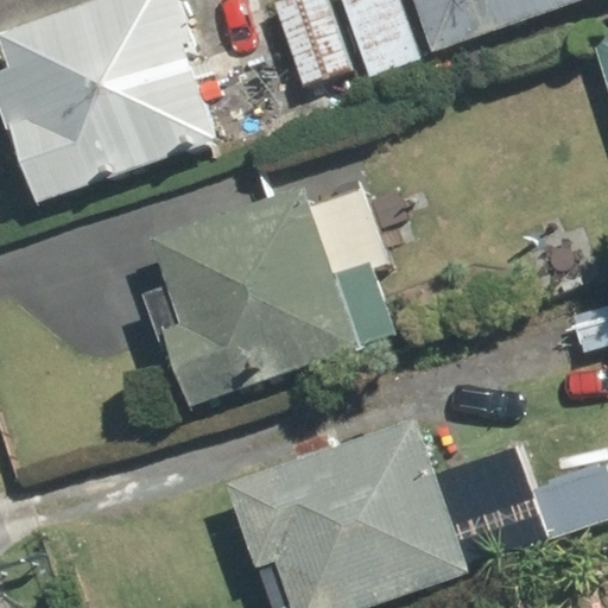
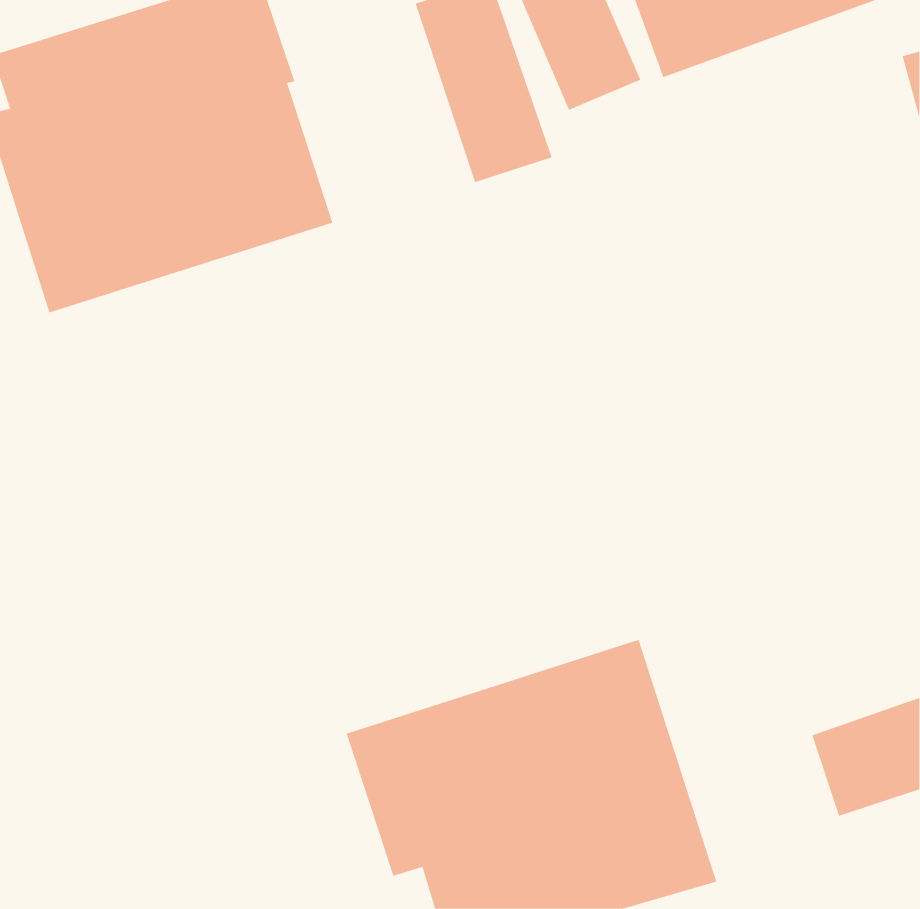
building: [157,189,357,408] -> none

